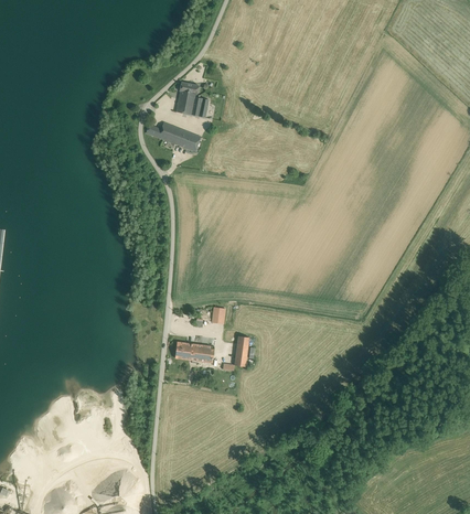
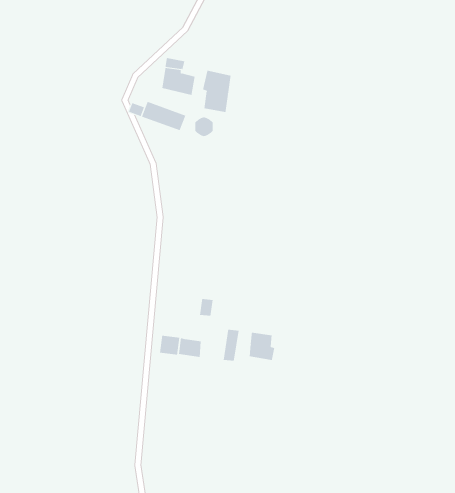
building: none -> [203,70,231,113]
building: none -> [249,332,275,361]

